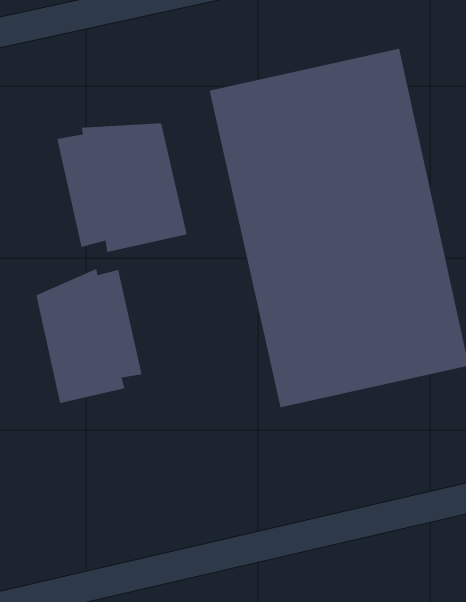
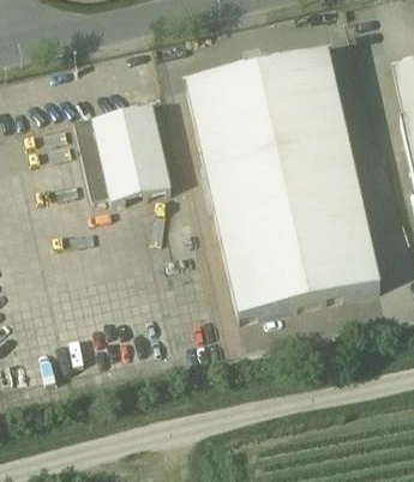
building: [36,268,142,404] -> none

